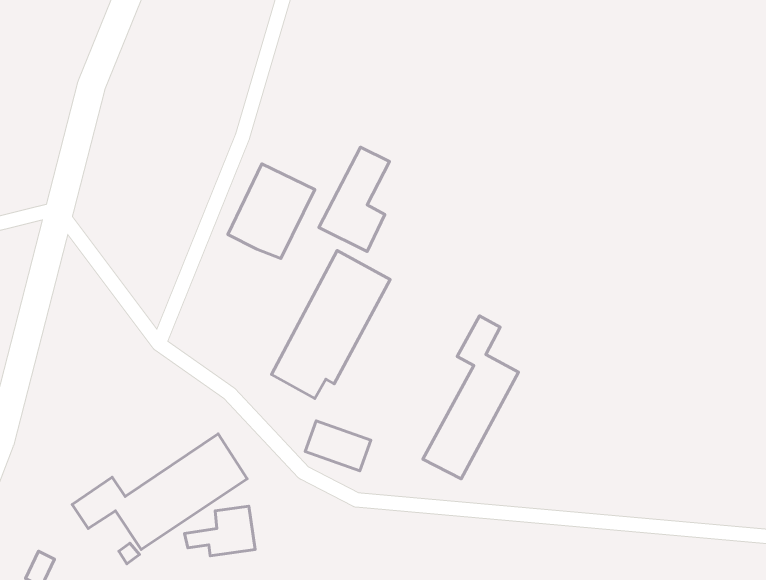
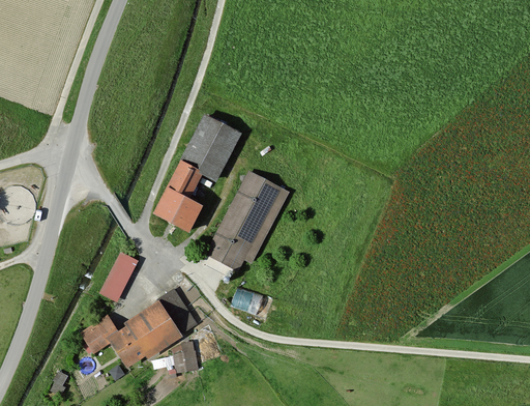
building: [319,147,390,252] -> [155,163,201,230]
building: [423,316,519,479] -> none
building: none -> [101,253,137,298]

